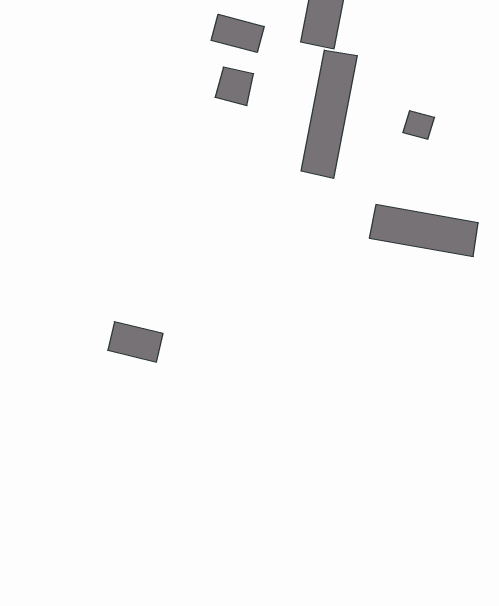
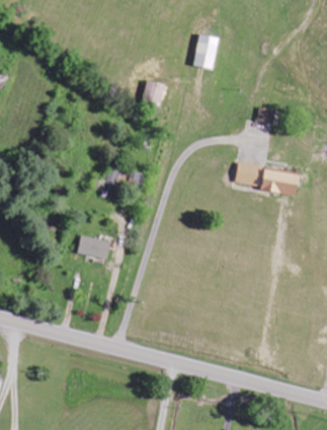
building: [211,14,264,52] -> none
building: [301,50,357,178] -> none

